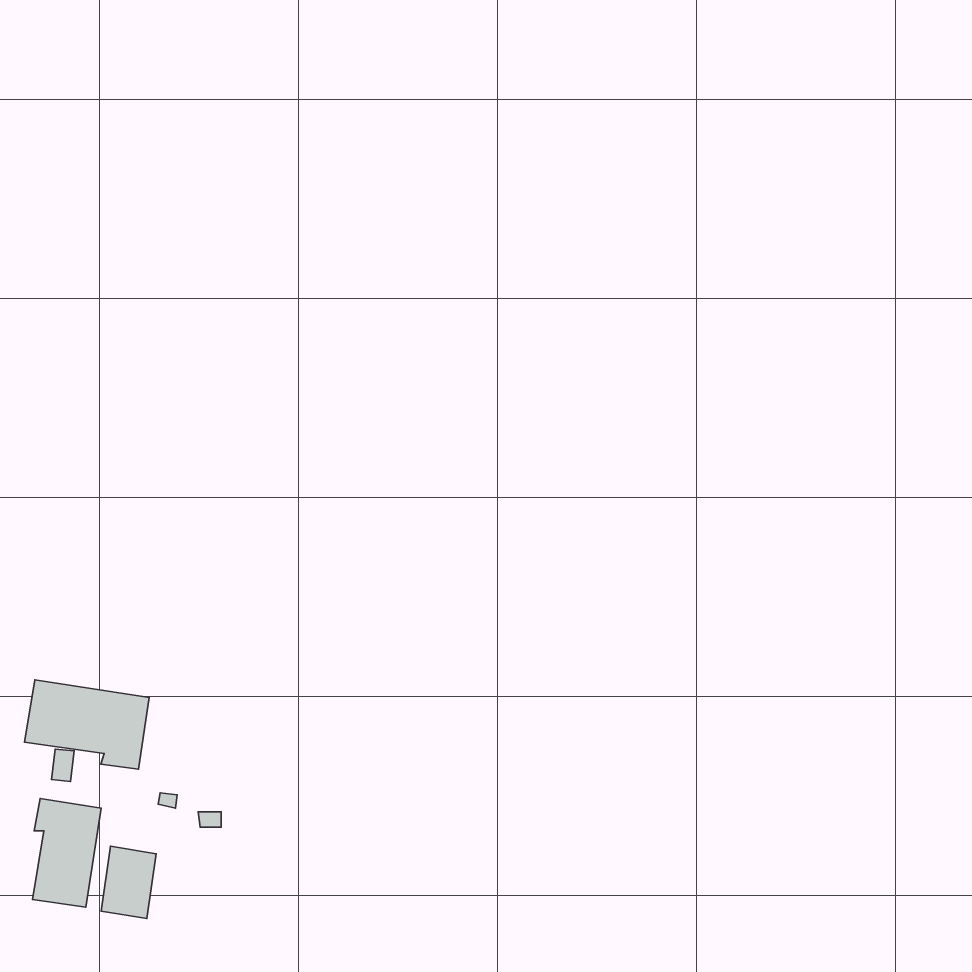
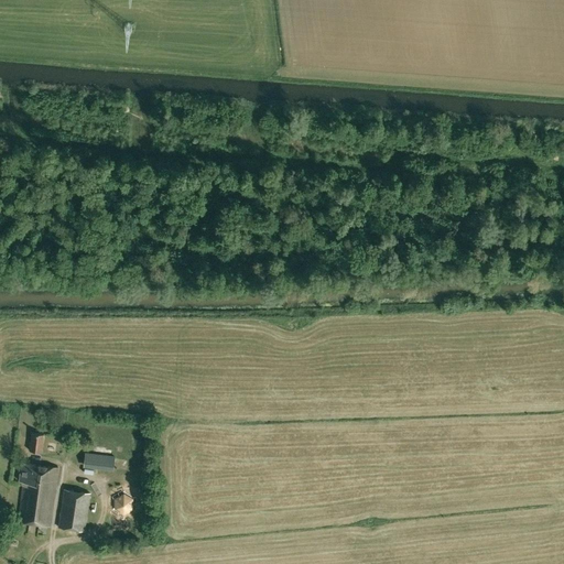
building: [25,680,149,769] -> none

